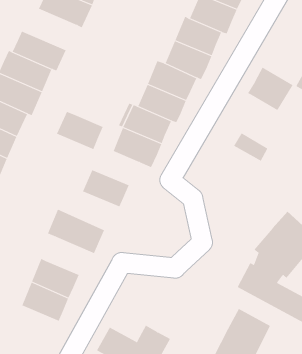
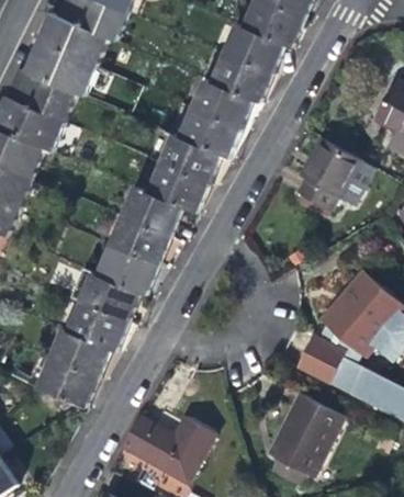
building: none -> [32,16,101,71]
building: [247,67,294,111] -> [302,139,360,194]
building: [56,111,103,150] -> [120,192,179,240]
building: none -> [94,248,155,298]
building: none -> [63,305,123,354]

